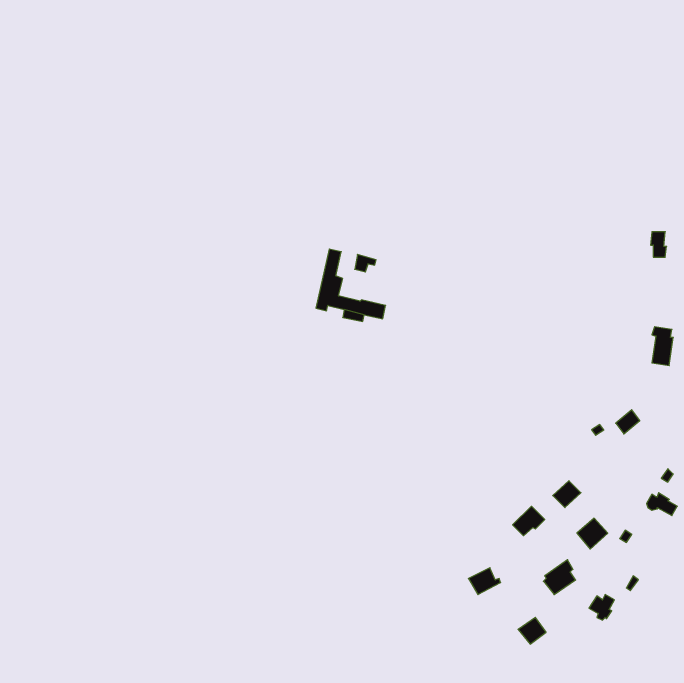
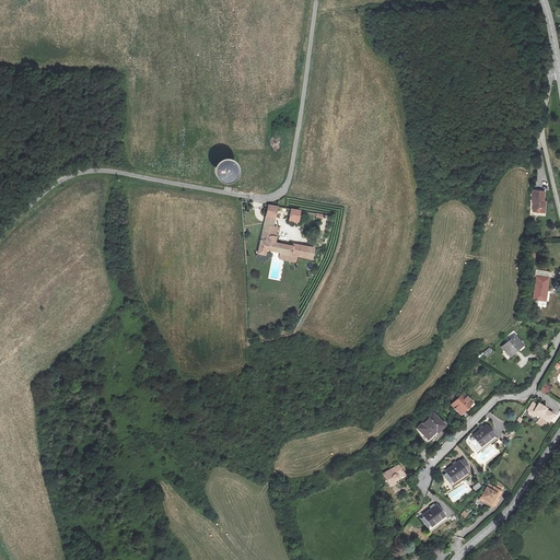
building: none -> [217,159,241,183]

